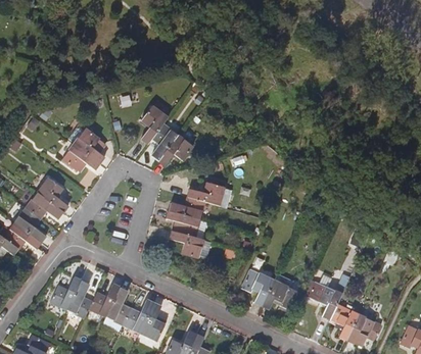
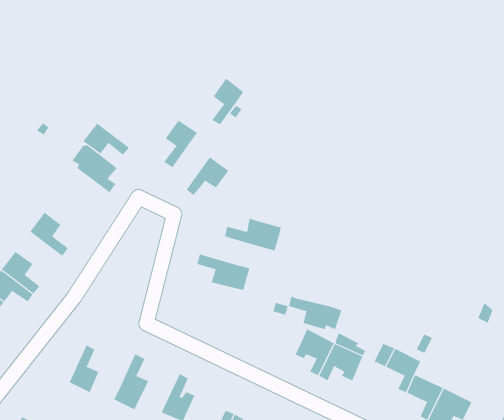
building: [151,122,177,159] -> [211,78,244,125]
building: [62,143,99,168] -> [82,123,130,156]
building: [26,192,62,217] -> none
building: [169,196,205,218] -> none
building: [171,230,213,256] -> [288,296,342,330]
building: [50,276,81,309] -> none
building: [88,284,119,316] -> none
building: [122,299,153,333] -> none

